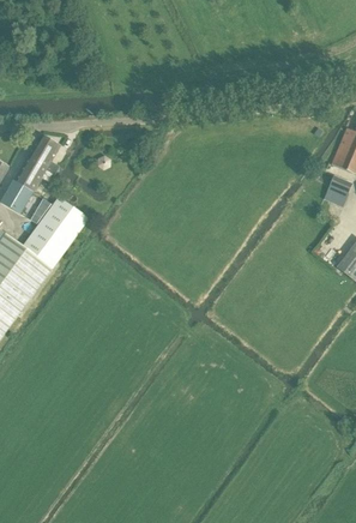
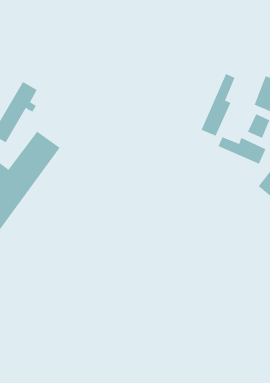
building: none -> [201,73,235,137]
building: none -> [218,136,266,165]

